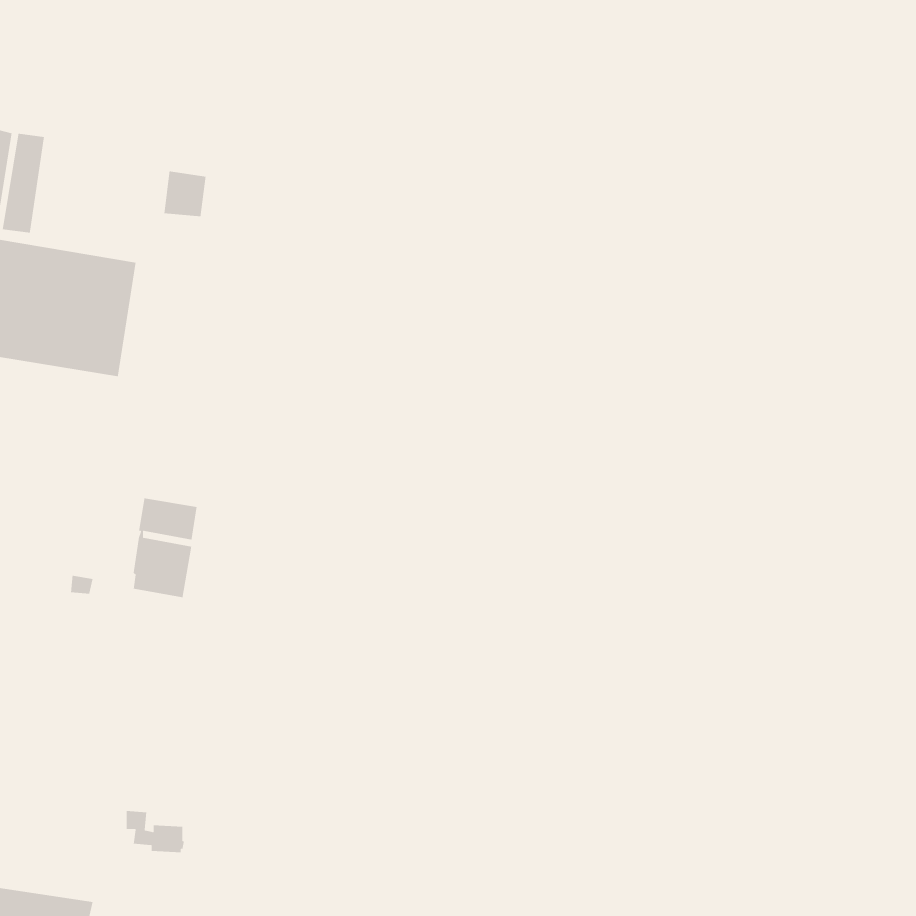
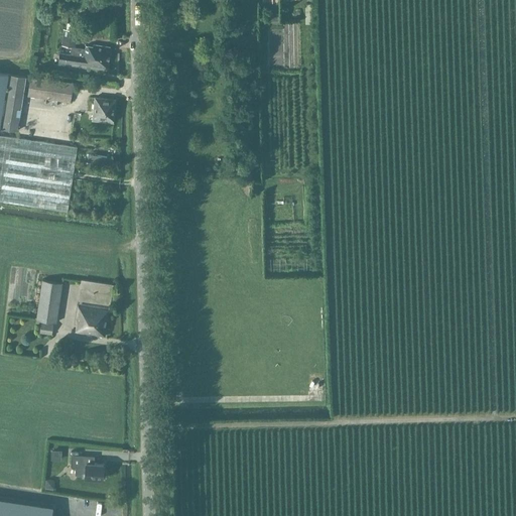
building: none -> [56,29,109,71]
building: none -> [27,79,73,103]
building: none -> [35,280,61,324]

